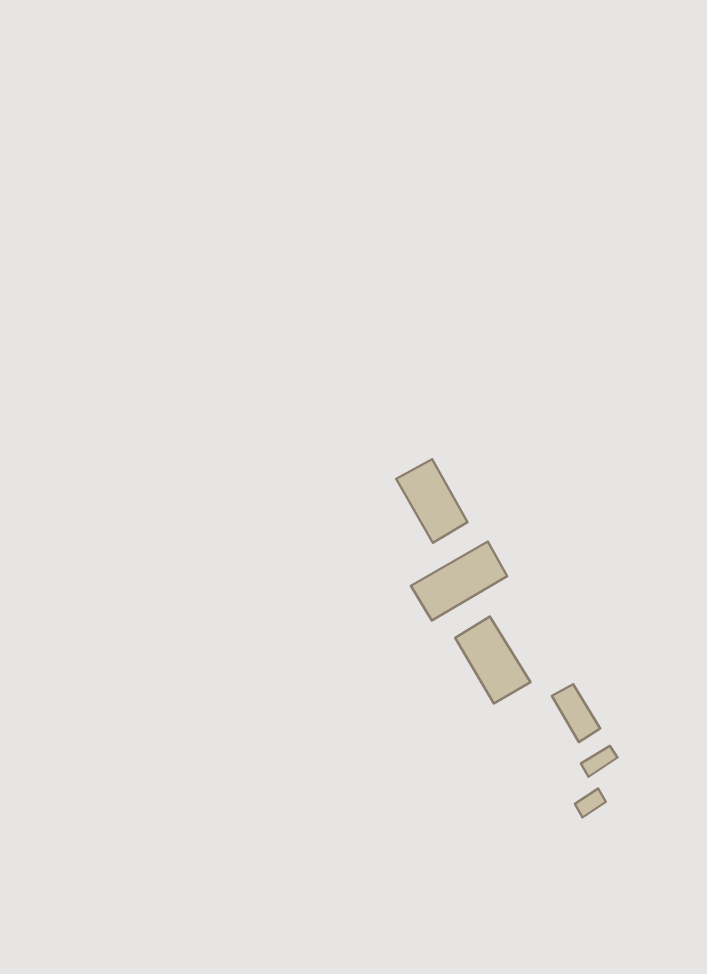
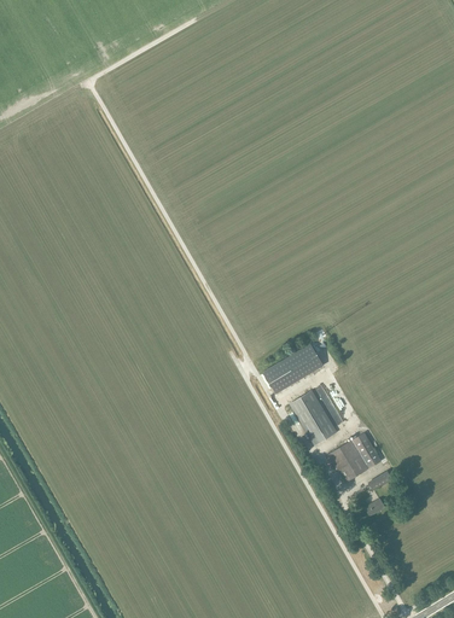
building: [396,459,467,543] -> none
building: none -> [330,438,369,480]

